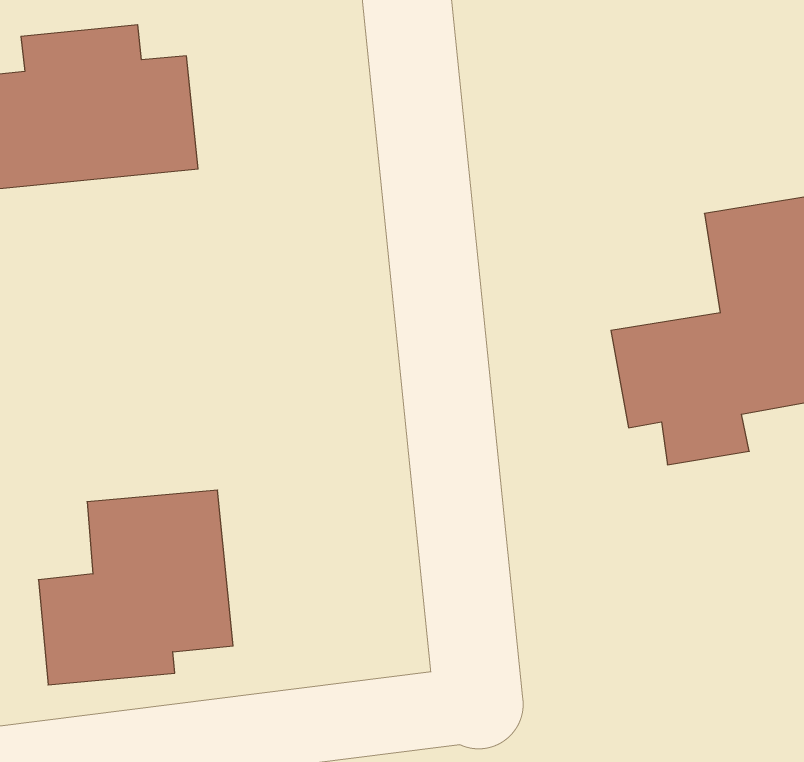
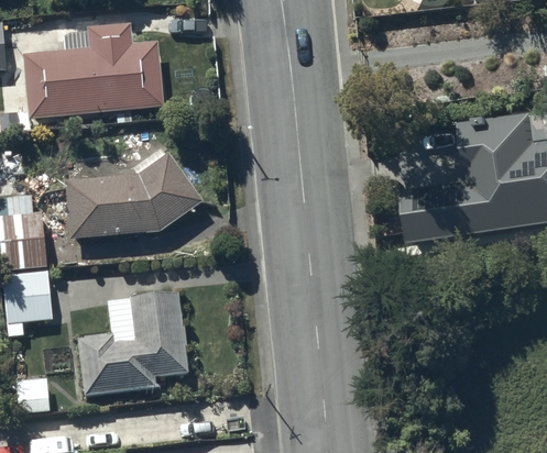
building: none -> [66,146,204,239]

